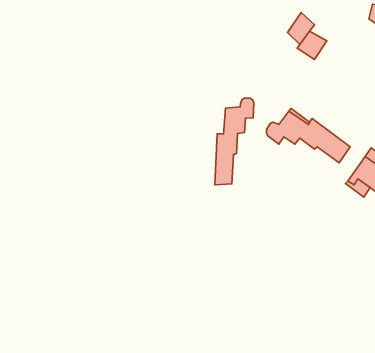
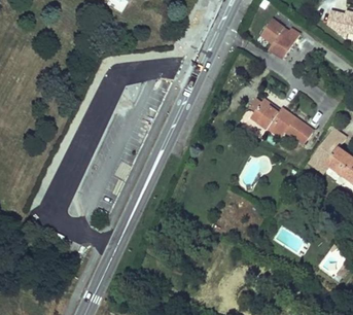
building: [215,98,254,185] -> none

